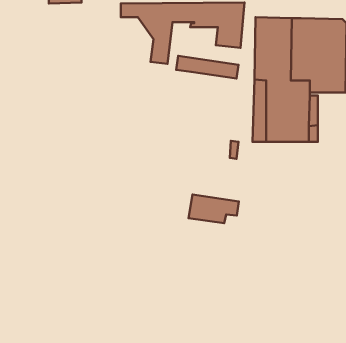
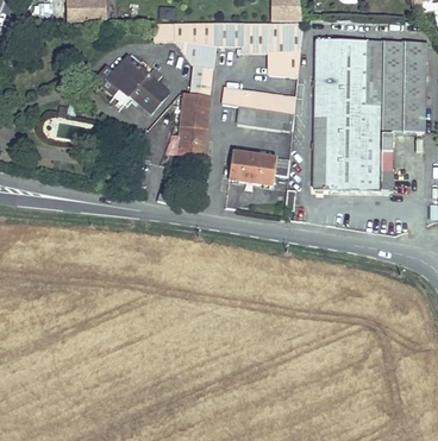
building: none -> [95,52,169,112]
building: none -> [177,93,211,156]
building: none -> [237,105,294,130]
building: [189,195,239,223] -> [230,150,290,184]

